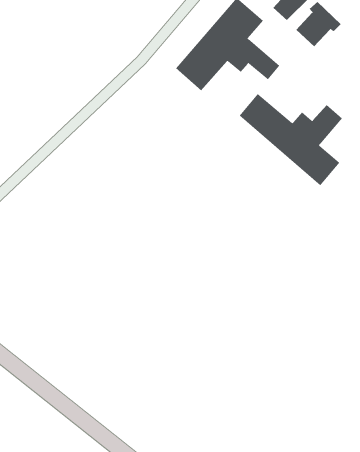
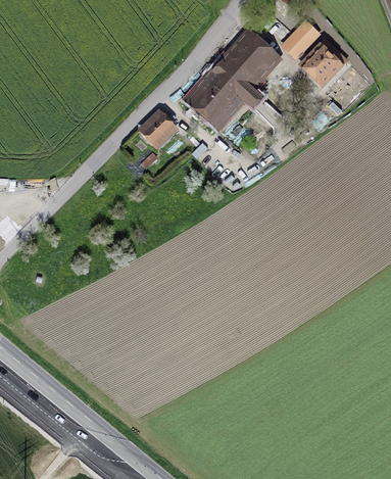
building: none -> [139,113,170,144]
building: [239,93,343,186] -> none

